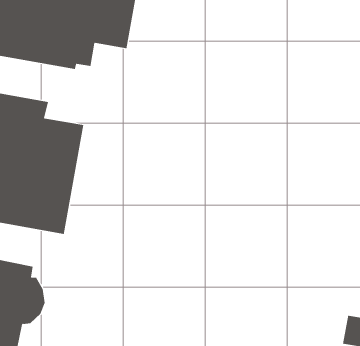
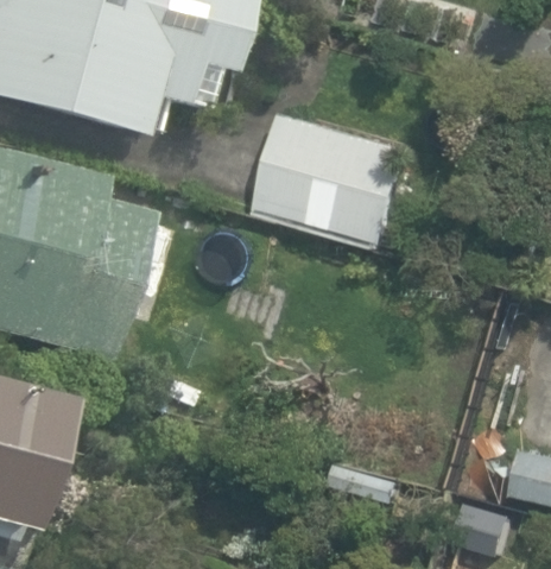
building: none -> [270,107,425,240]

